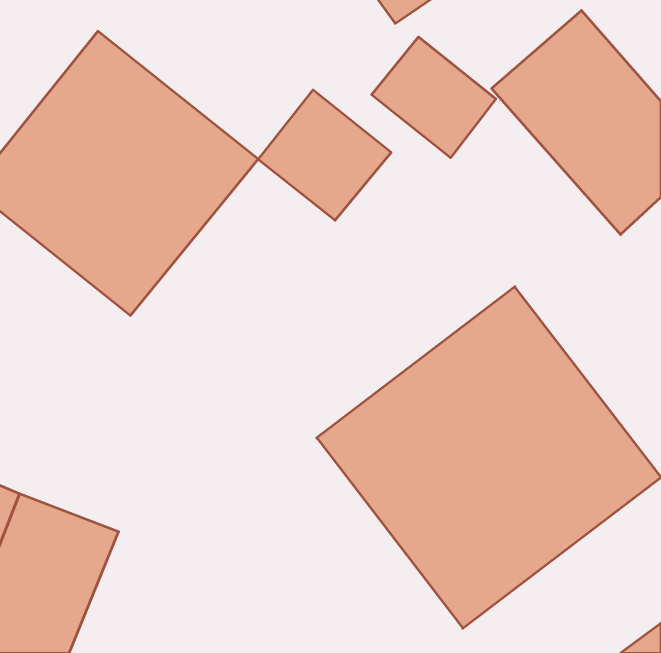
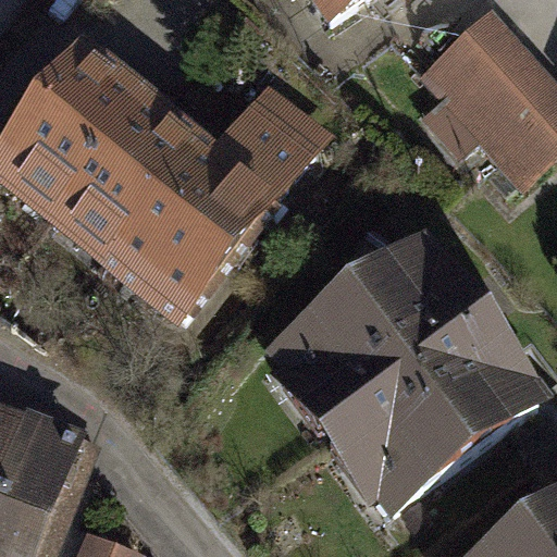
building: [372,37,496,158] -> none
building: none -> [109,133,280,315]

